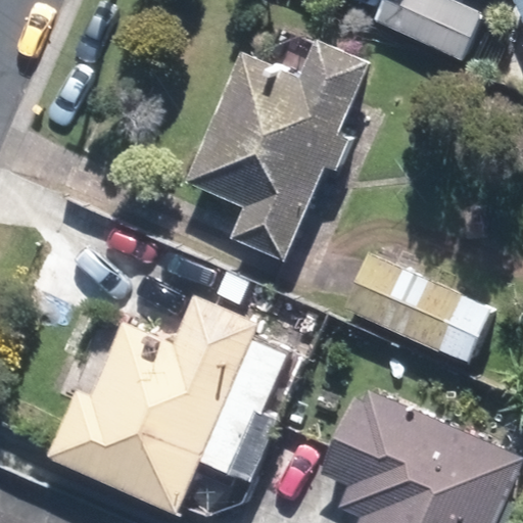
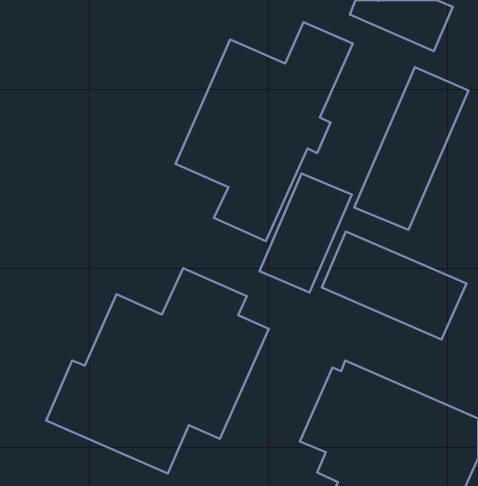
building: none -> [354,67,468,230]
building: none -> [260,173,352,293]

